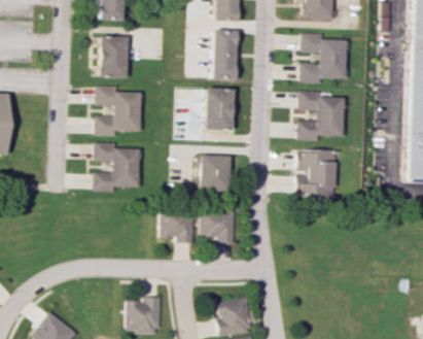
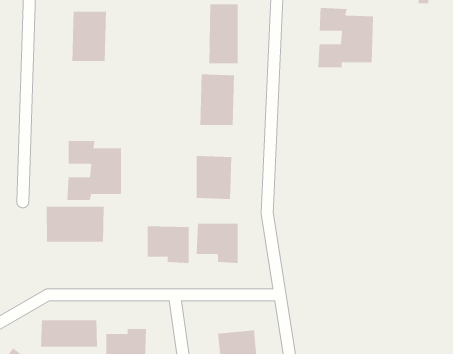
building: [96,86,142,136] -> none
building: [298,91,345,140] -> none
building: [296,149,338,196] -> none
building: none -> [46,206,104,242]
building: none -> [40,319,97,348]

